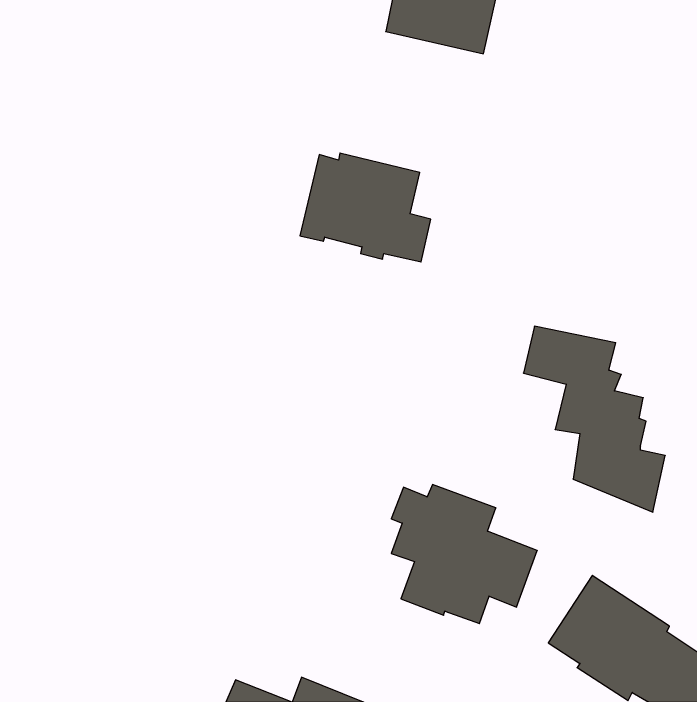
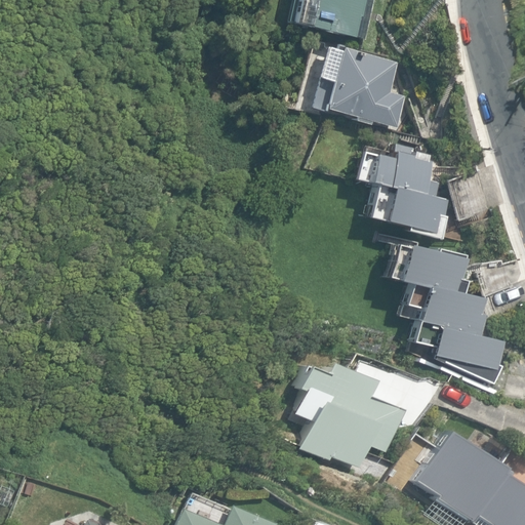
building: [300,153,431,262] -> [310,46,407,127]
building: none -> [362,150,448,238]

